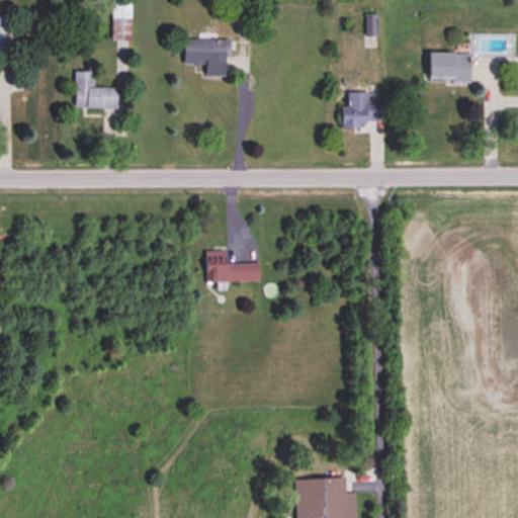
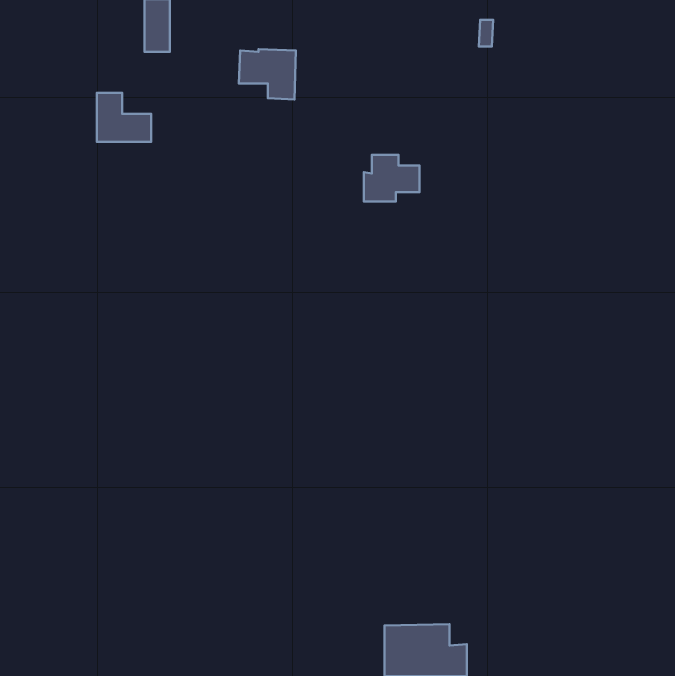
building: [429,54,469,82] -> none
building: [342,93,384,128] -> [364,155,420,201]
building: [206,250,260,281] -> none

